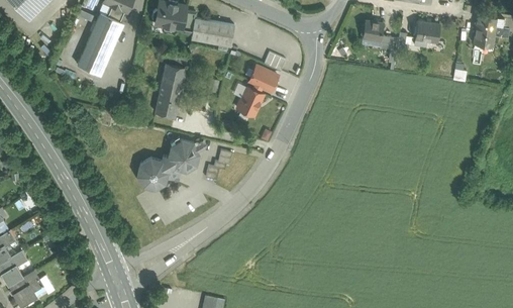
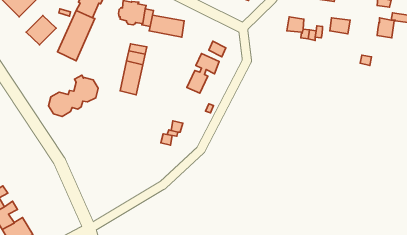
building: none -> [26,16,56,45]
building: [137,137,199,189] -> [48,75,98,116]

